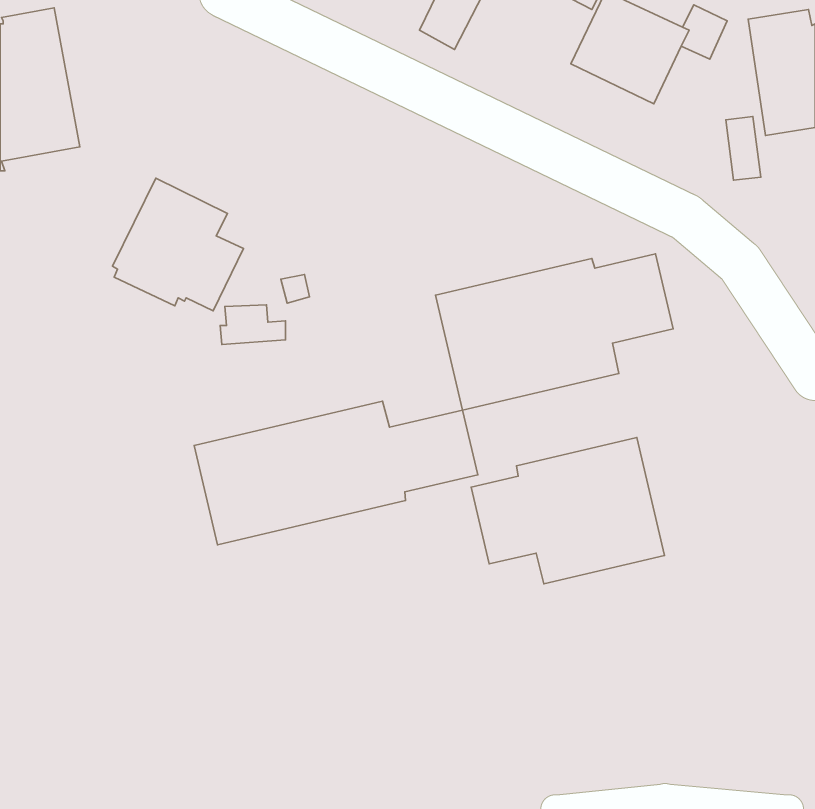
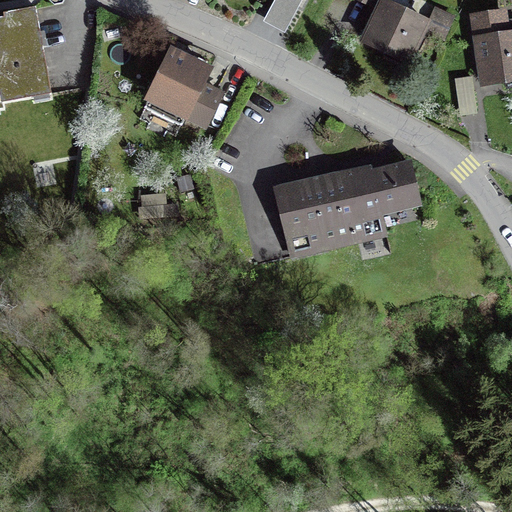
building: [113,178,243,311] -> [143,44,225,127]
building: [194,401,478,545] -> none
building: [471,438,664,584] -> none

